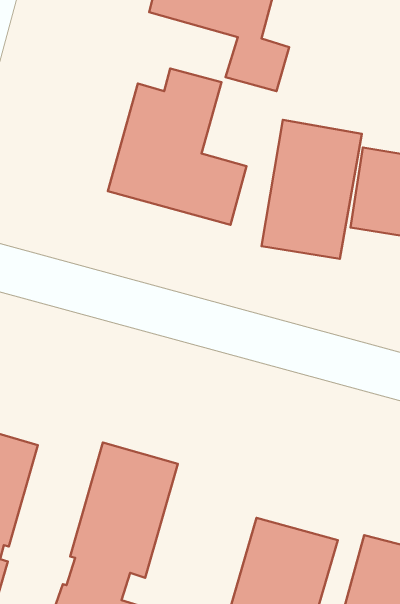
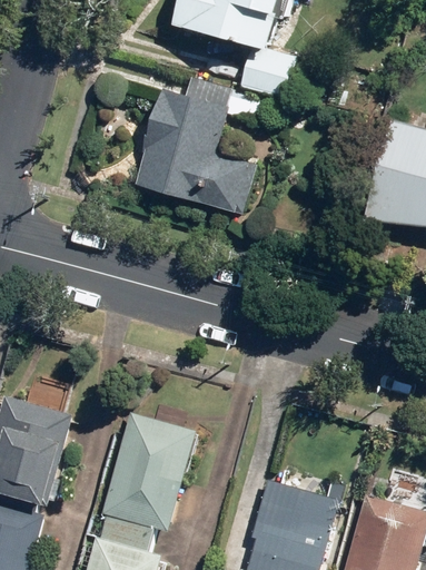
building: [262,120,362,259] -> none

